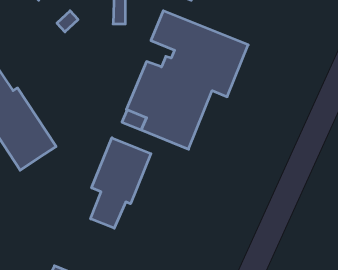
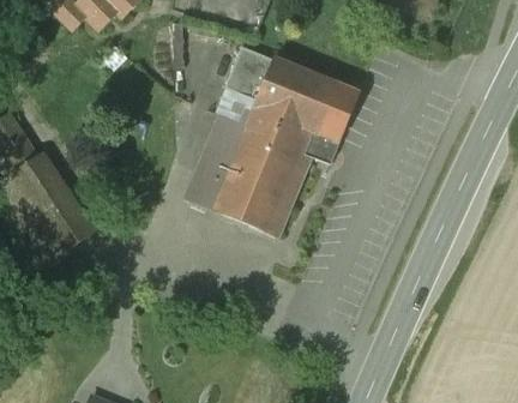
building: [91,138,151,228] -> none

